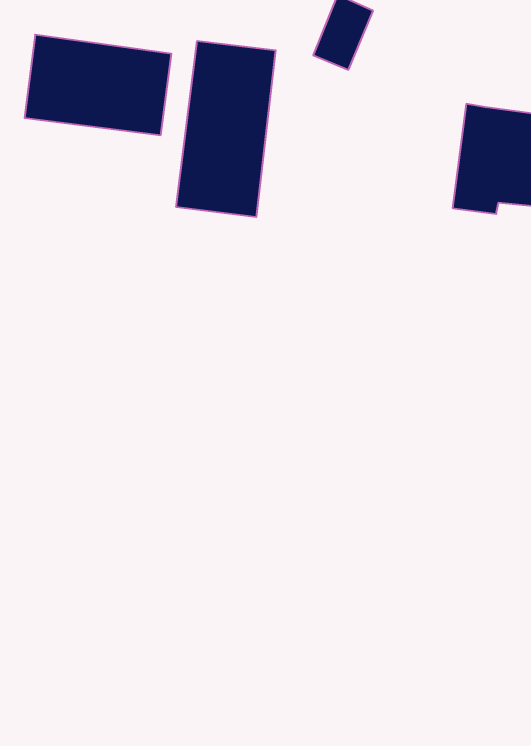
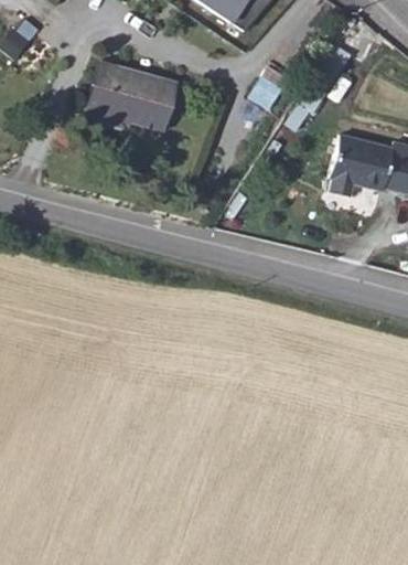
building: [176,41,276,217] -> none

